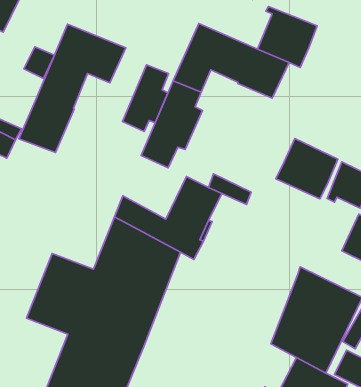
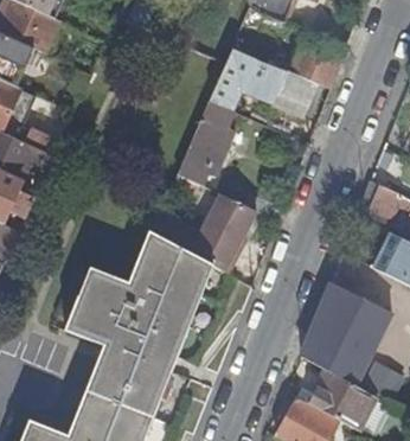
building: [19,24,126,152] -> none
building: [122,65,168,132] -> none
building: [276,139,338,199] -> none

